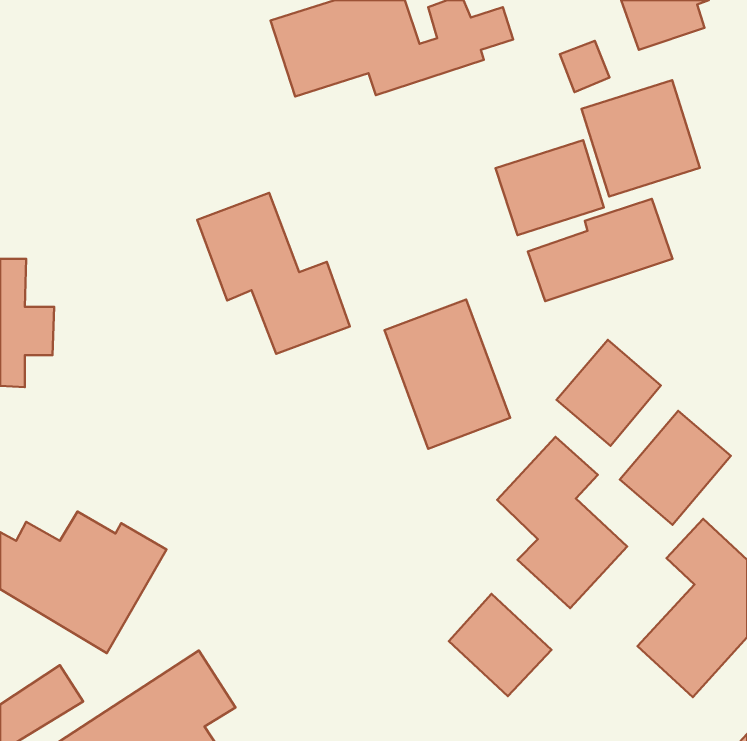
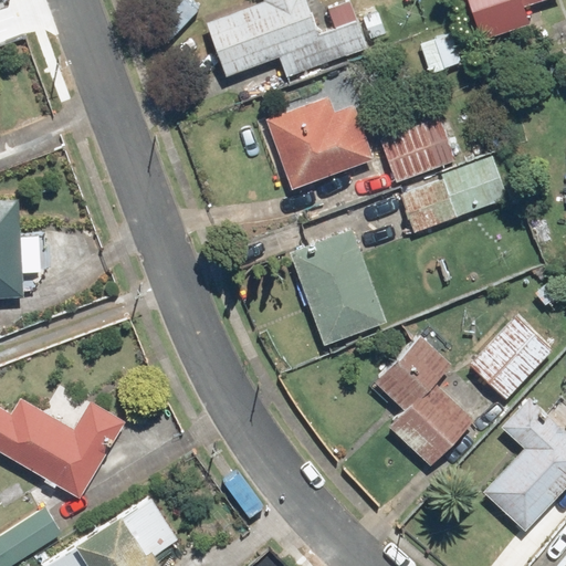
building: [582,80,700,197] -> none
building: none -> [265,96,375,190]
building: [197,193,350,354] -> none
building: [556,340,661,446] -> none
building: [449,594,552,696] -> none

